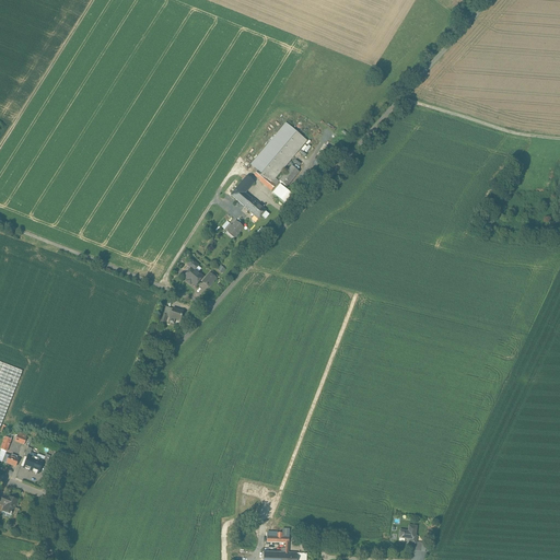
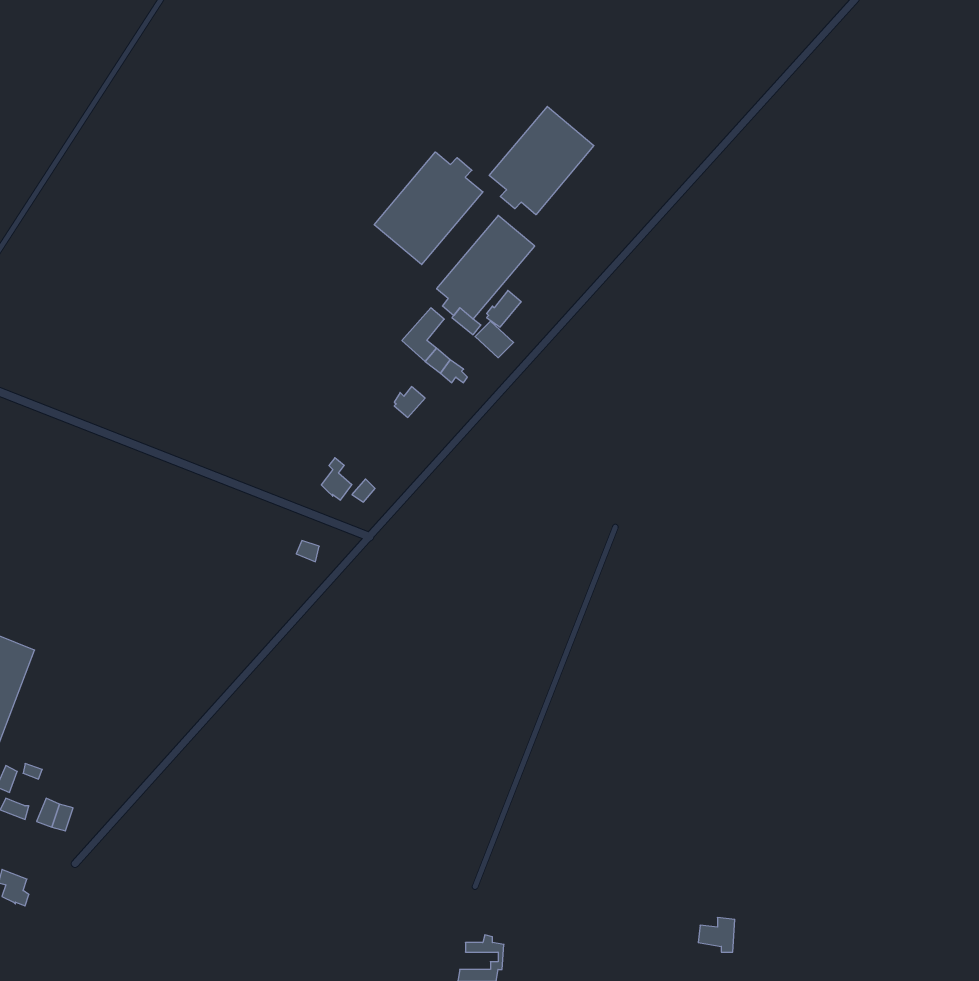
building: none -> [489,106,594,215]
building: none -> [374,152,483,265]

